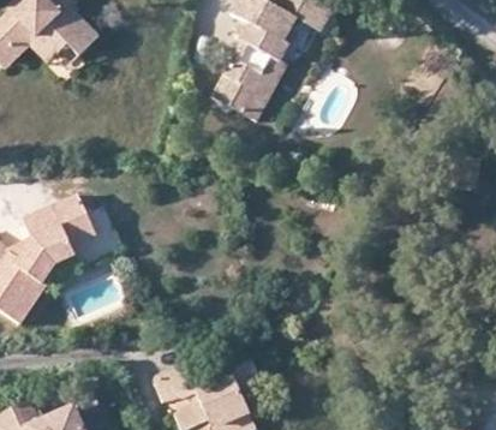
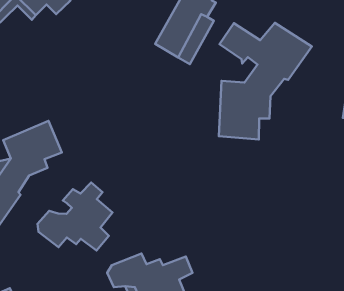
building: none -> [219,23,312,140]
building: none -> [38,182,113,250]

